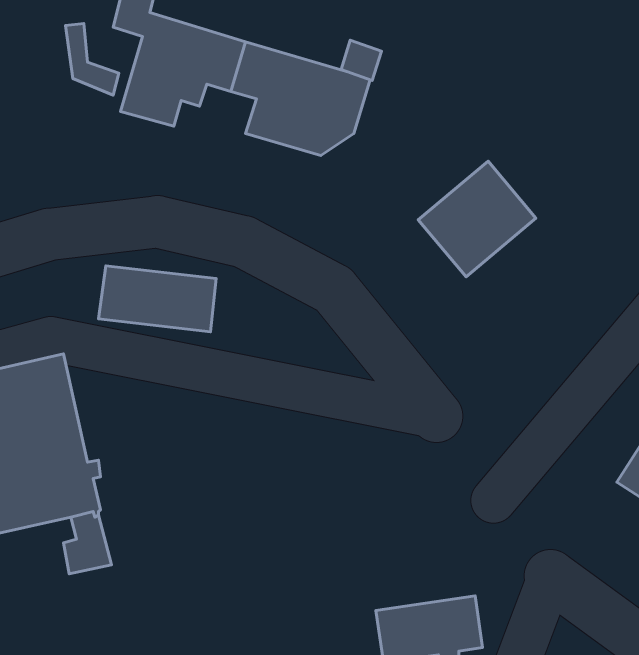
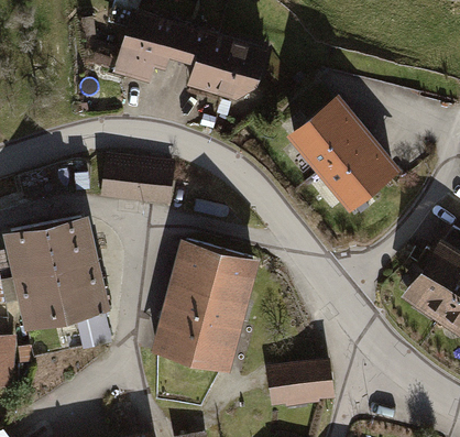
building: none -> [320,136,390,205]
building: none -> [155,243,251,371]

